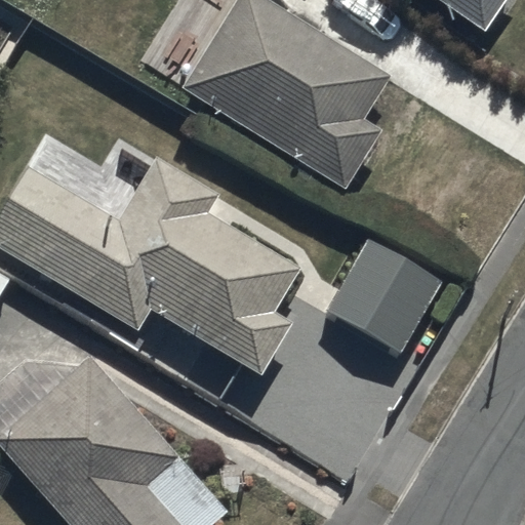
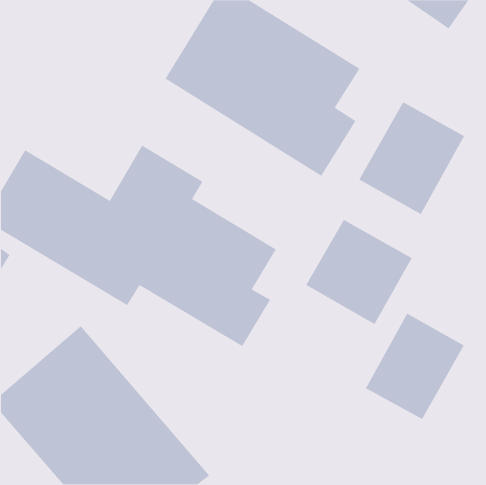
building: none -> [358,101,465,215]
building: none -> [365,312,465,420]

